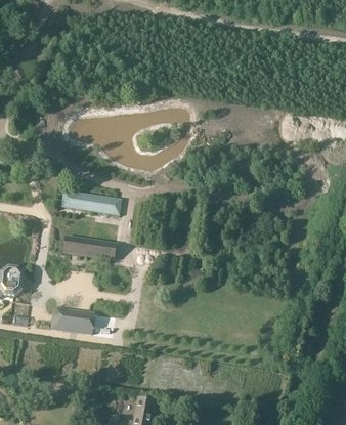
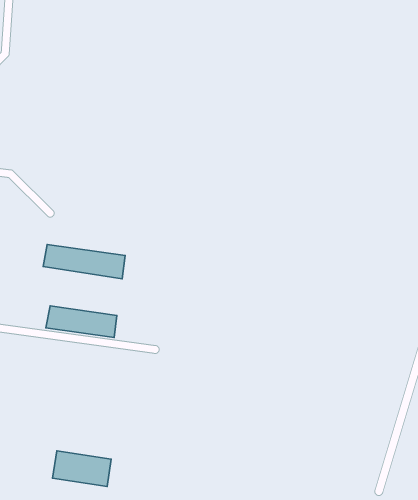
building: [50,307,94,334] -> [53,451,111,486]

